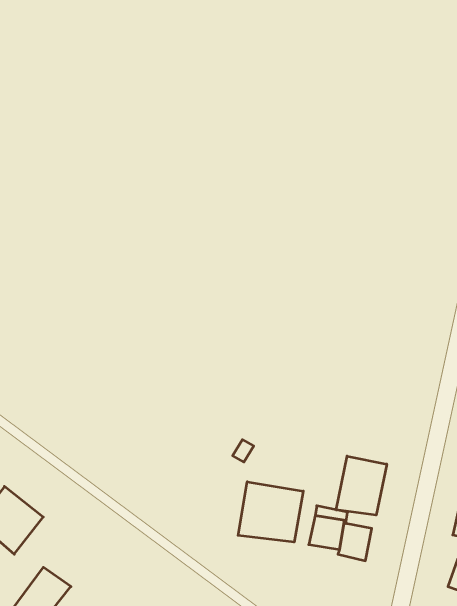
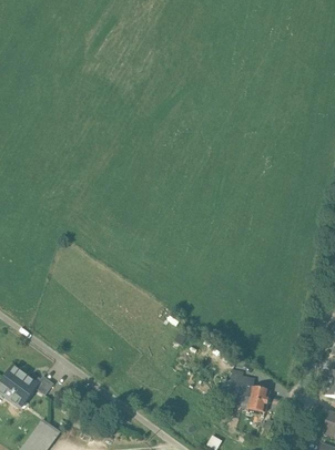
building: [336,456,387,515] -> none
building: [238,482,303,542] -> none

